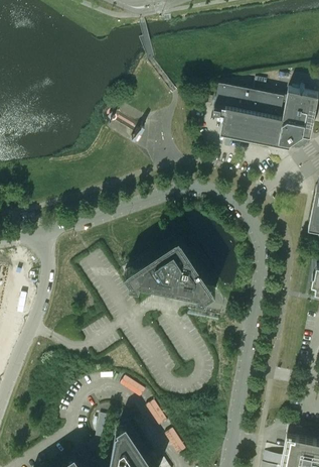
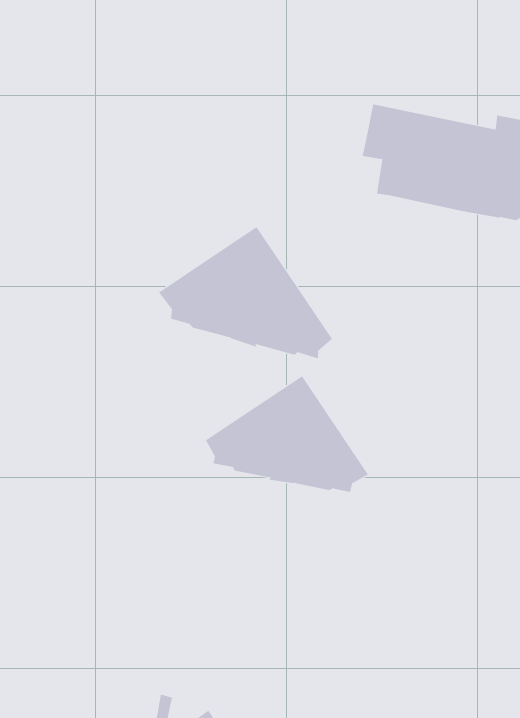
building: none -> [158,226,333,359]

